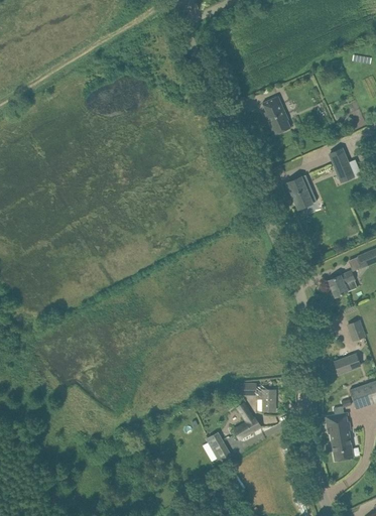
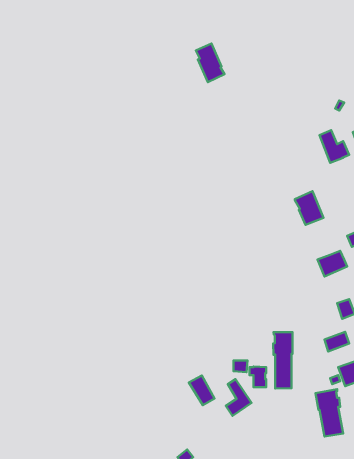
building: [262,96,291,135] -> [196,44,224,82]
building: [287,174,317,209] -> [295,191,323,225]
building: none -> [273,332,292,388]
building: [206,431,232,462] -> [189,376,215,405]

